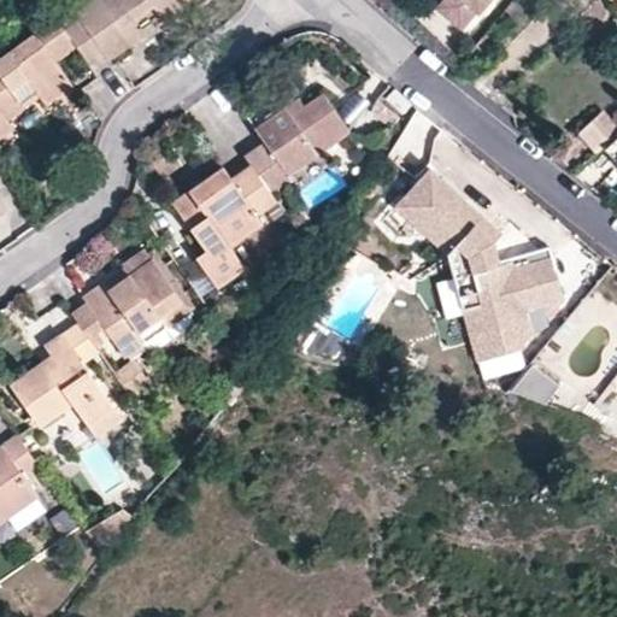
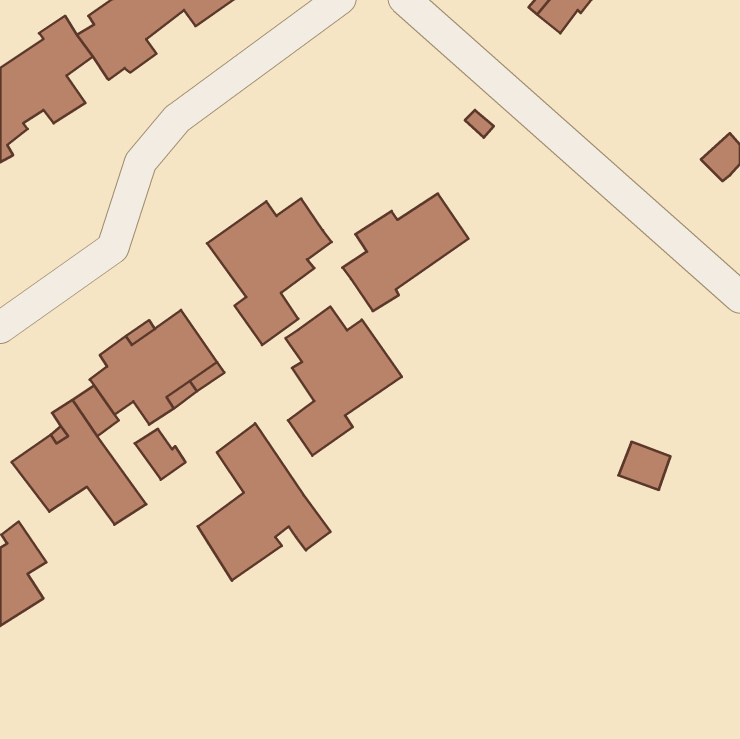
building: [243,94,348,192] -> [342,194,468,311]
building: [390,165,562,363] -> none
building: none -> [286,307,402,456]
building: none -> [198,423,330,581]

